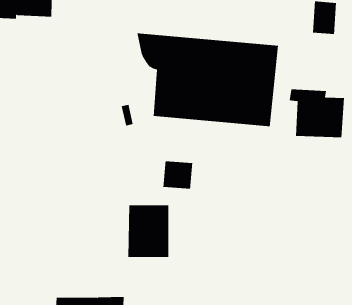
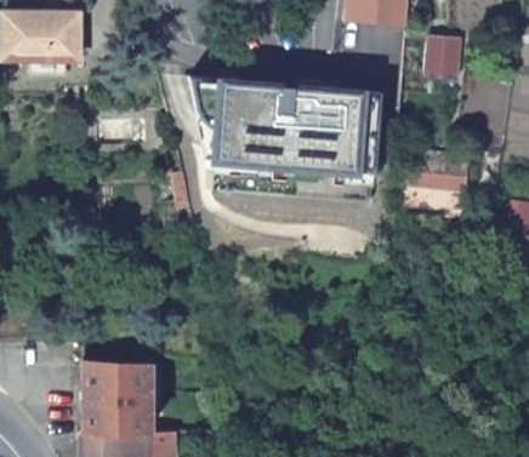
building: [163,160,193,189] -> none
building: [127,205,169,257] -> [83,361,138,432]

